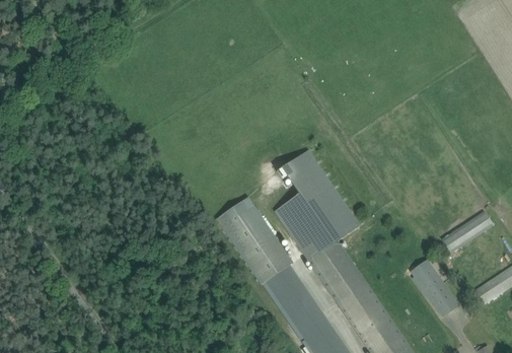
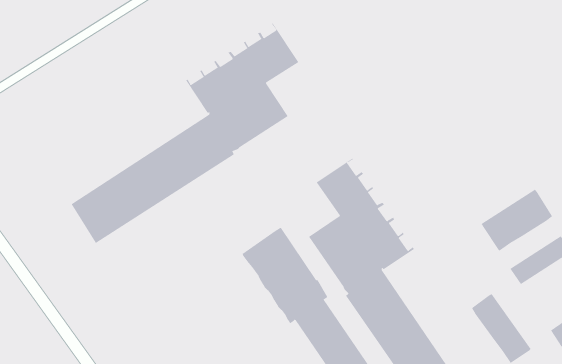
building: none -> [71,23,299,244]
building: none -> [481,189,553,251]

